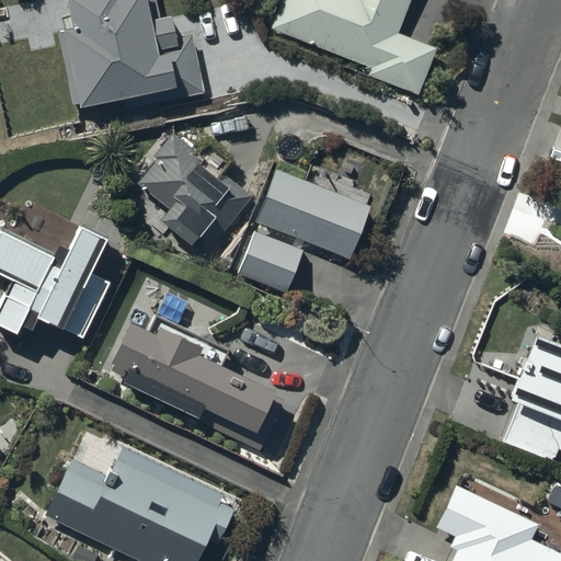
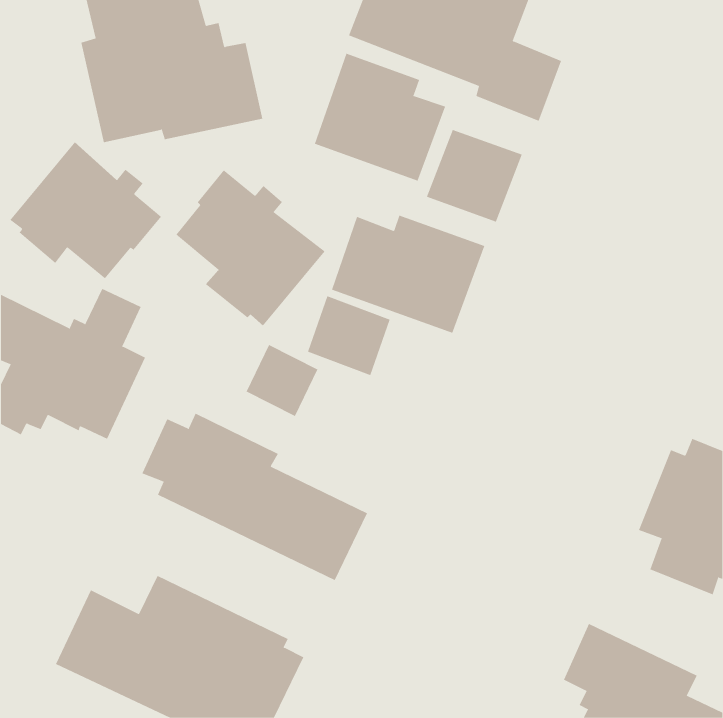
building: none -> [314,53,446,182]
building: none -> [426,129,523,222]
building: none -> [9,142,162,279]
building: none -> [246,344,318,417]

